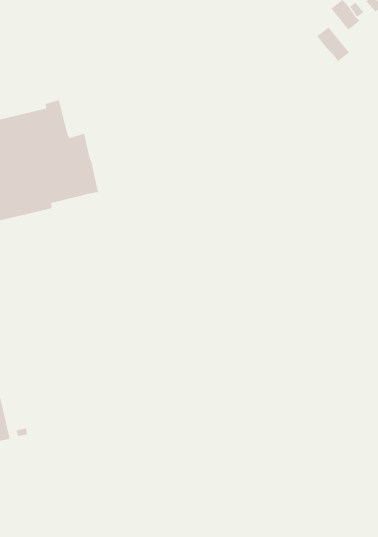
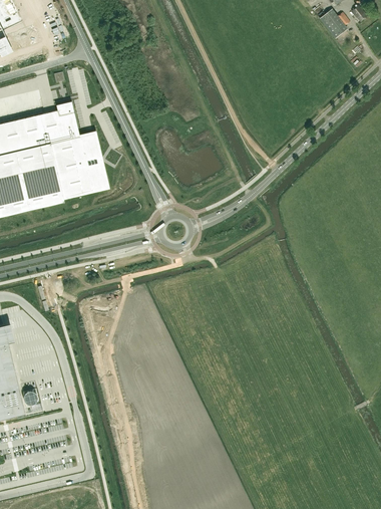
building: [317,26,350,62] -> none

